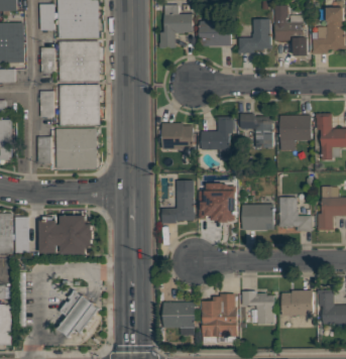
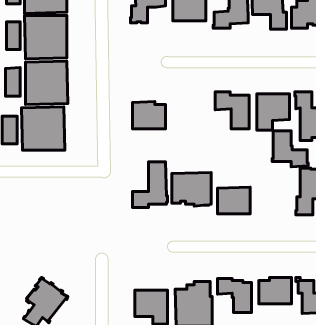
building: [201,117,233,158] -> none
building: [278,198,313,232] -> [272,131,308,167]
building: [39,216,93,255] -> none

